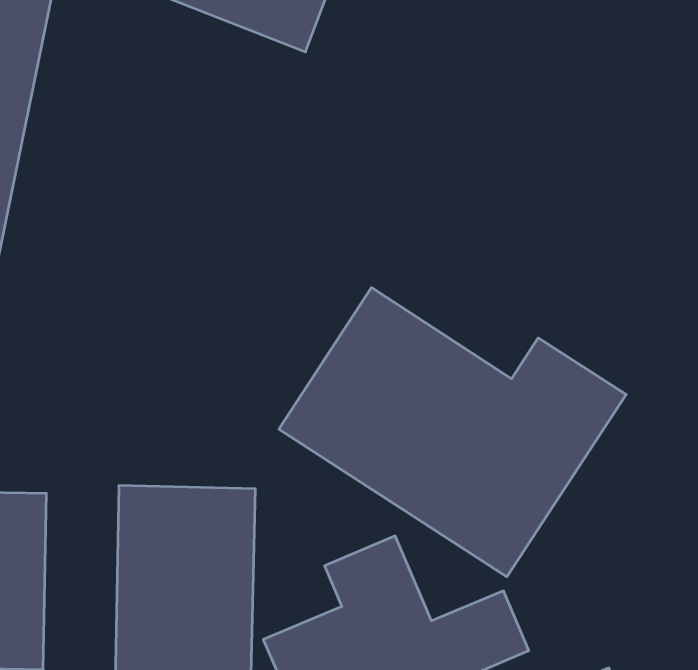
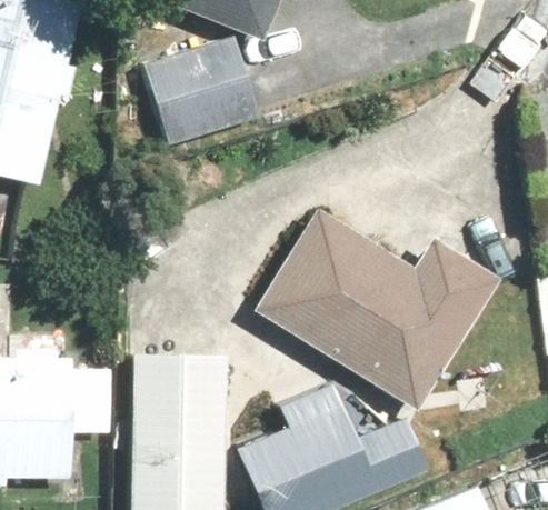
building: none -> [142,31,257,149]

